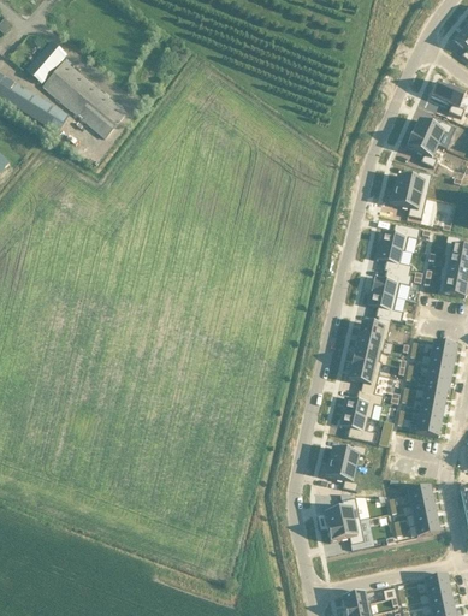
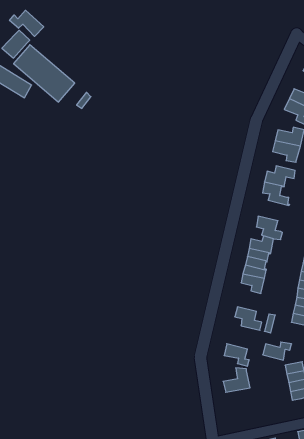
building: none -> [10,10,44,36]
building: [371,268,411,296] -> none
building: [343,390,384,417] -> none
building: [328,444,367,468] -> [263,342,292,360]
building: [327,520,365,544] -> none

